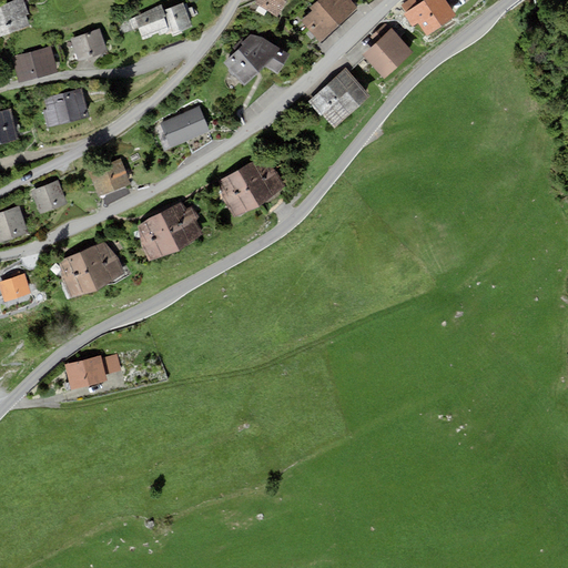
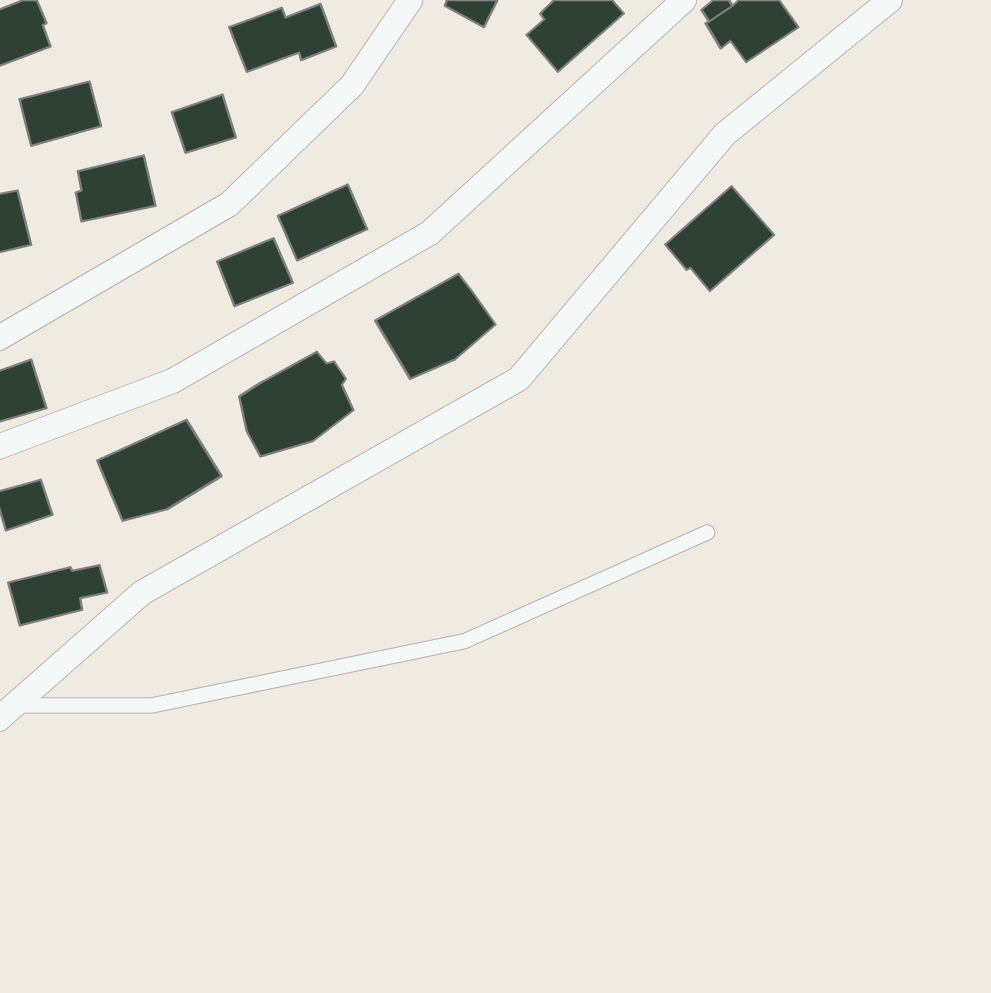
building: [361,23,413,79] -> none
building: [70,29,106,62] -> [172,95,236,153]
building: [222,34,290,85] -> none
building: [307,69,369,129] -> [665,186,774,291]
building: [87,159,130,197] -> [217,238,293,306]
building: [30,180,65,215] -> none
building: [63,355,120,389] -> [8,565,107,625]

